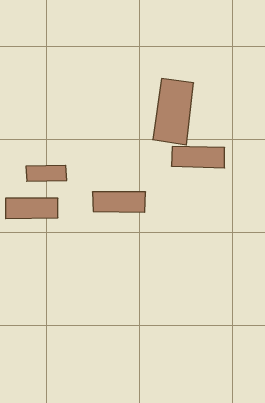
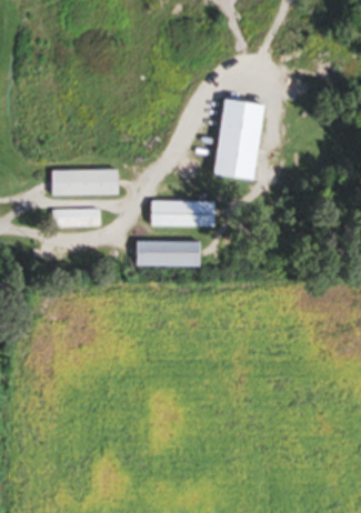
building: [171,147,225,168] -> [150,200,217,227]
building: [6,198,58,219] -> [52,170,118,195]

